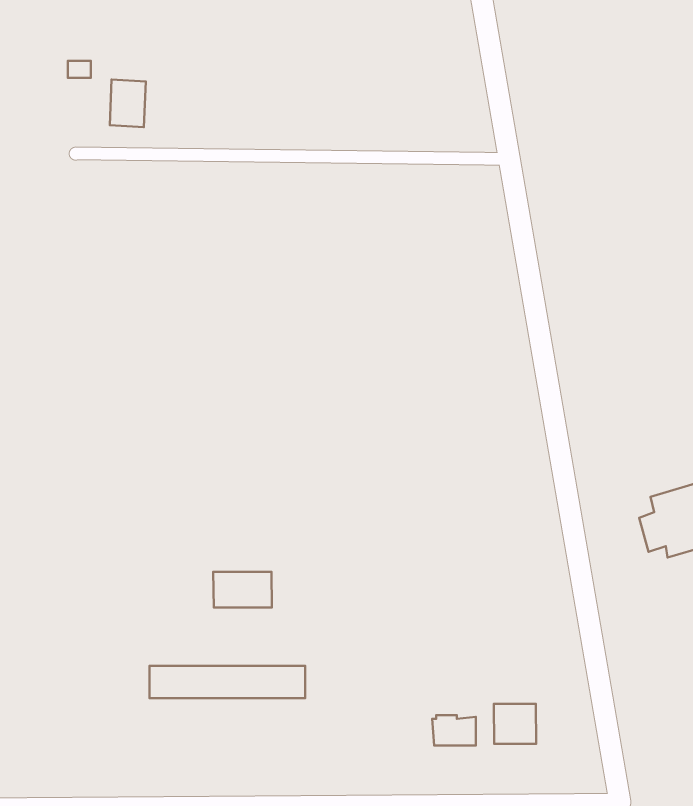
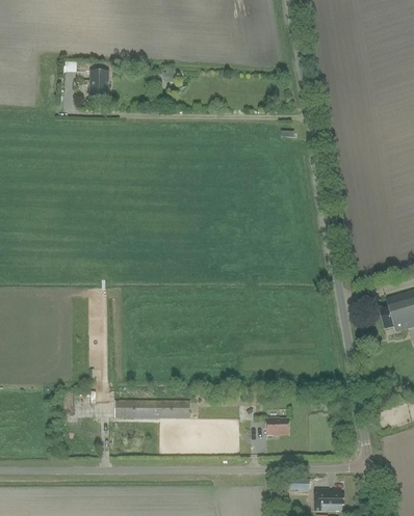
building: [213,572,272,607] -> none
building: [494,704,536,744] -> none

